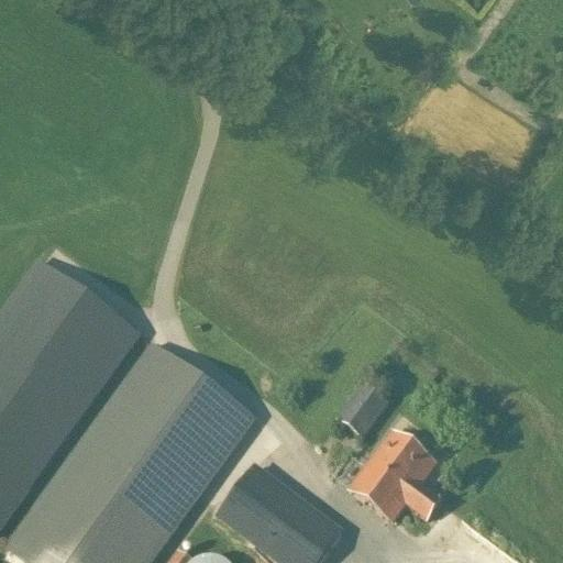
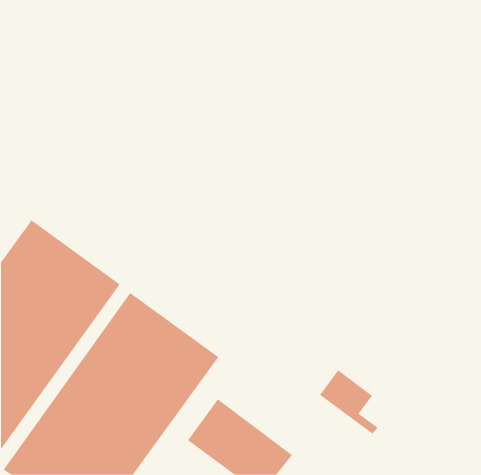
building: [336,382,389,437] -> none
building: [351,461,435,521] -> none

